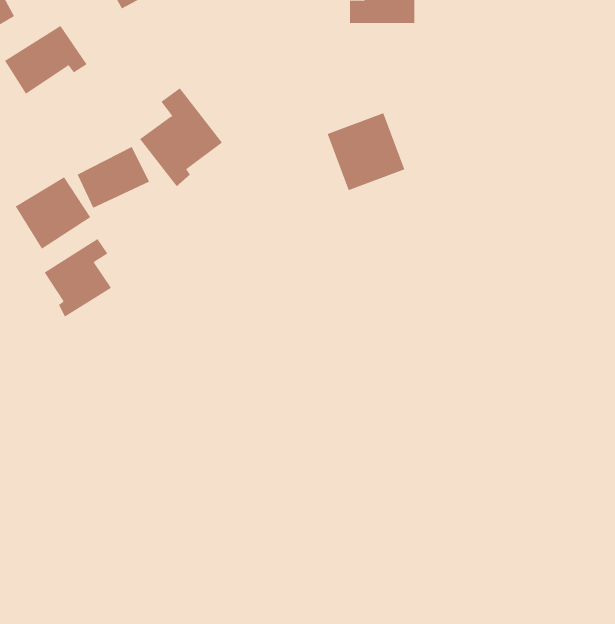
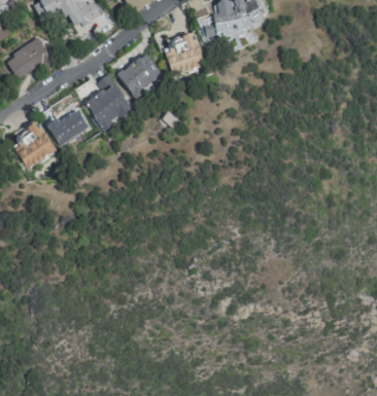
building: none -> [117,52,162,99]
building: [327,113,405,191] -> [161,29,206,74]
building: [44,238,112,317] -> none

